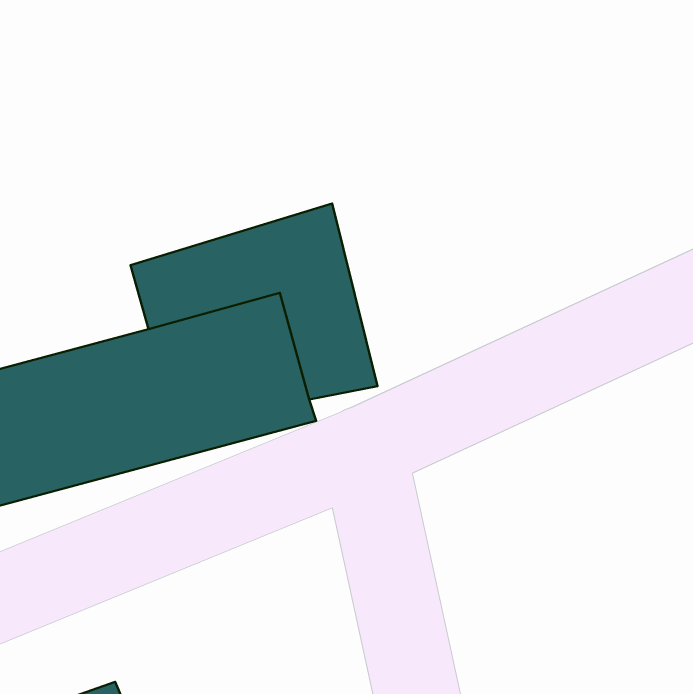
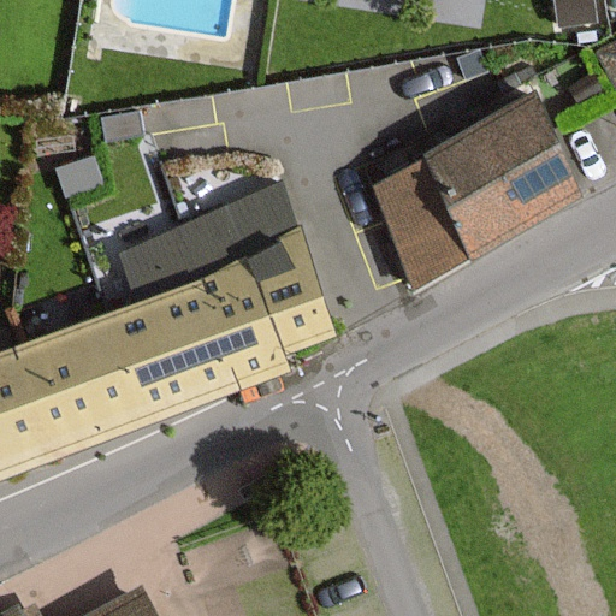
building: none -> [354,89,565,274]

